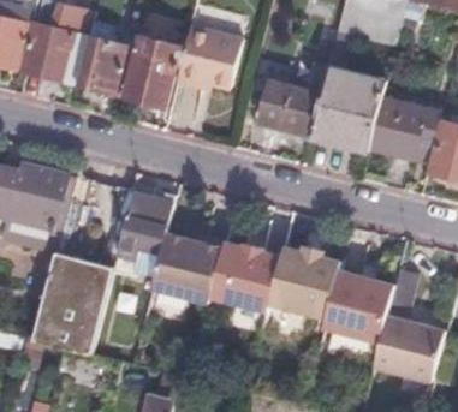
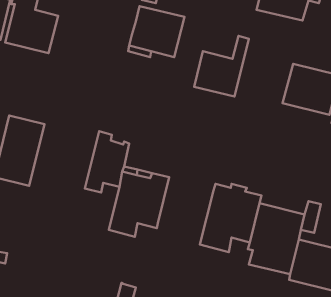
building: [121,34,182,119] -> none
building: [72,37,126,95] -> none
building: [305,66,382,153] -> none
building: [209,239,279,330] -> none
building: [31,252,114,354] -> none

